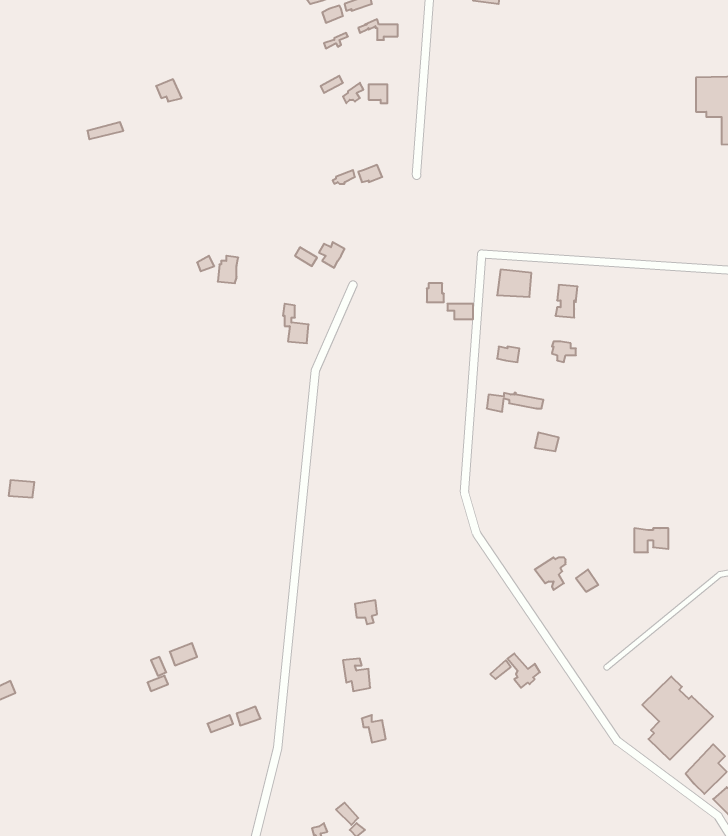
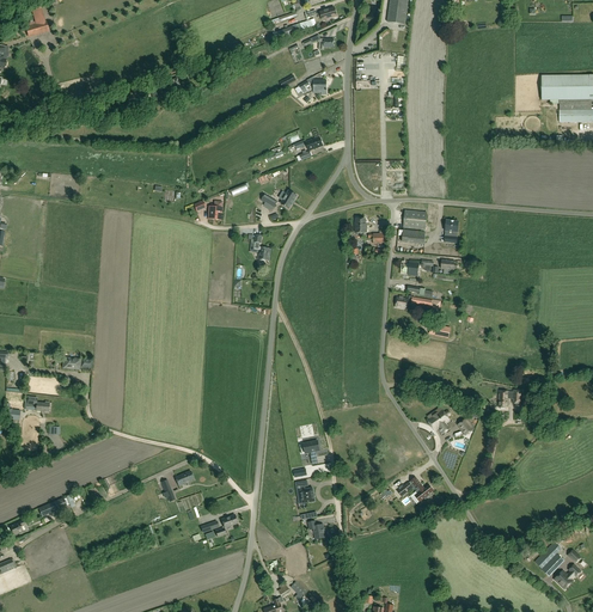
building: [642,676,713,760] -> none

